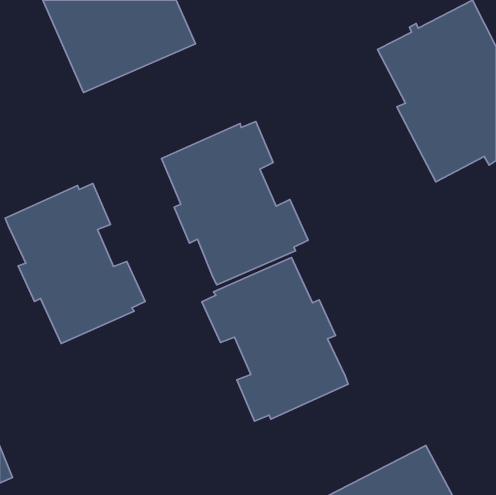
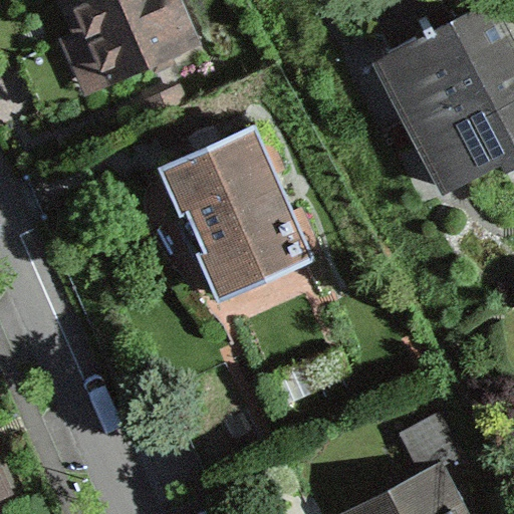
building: [5,184,145,343] -> none
building: [202,257,348,421] -> none

